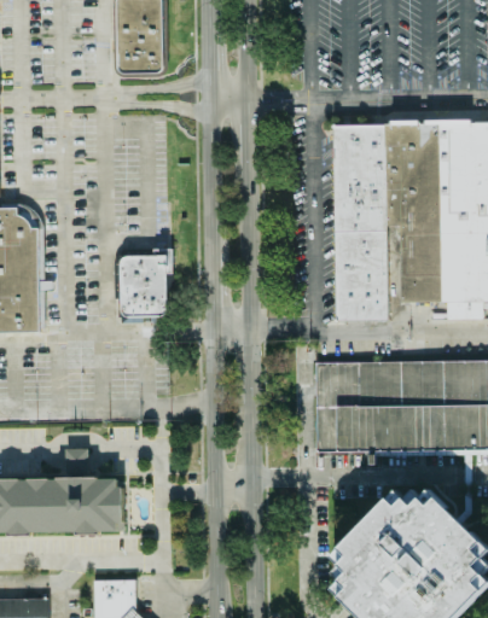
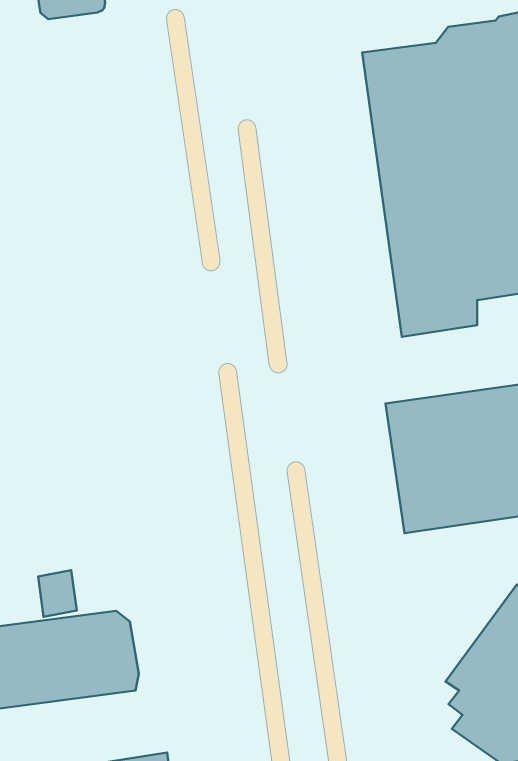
building: [120,247,172,317] -> none

